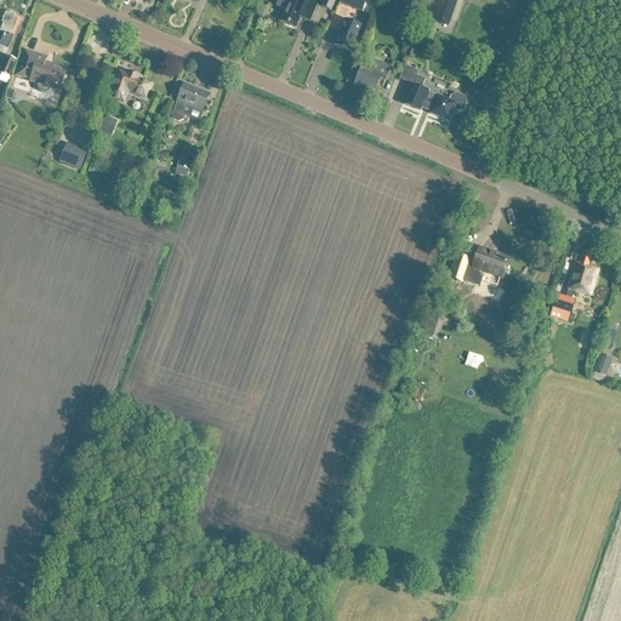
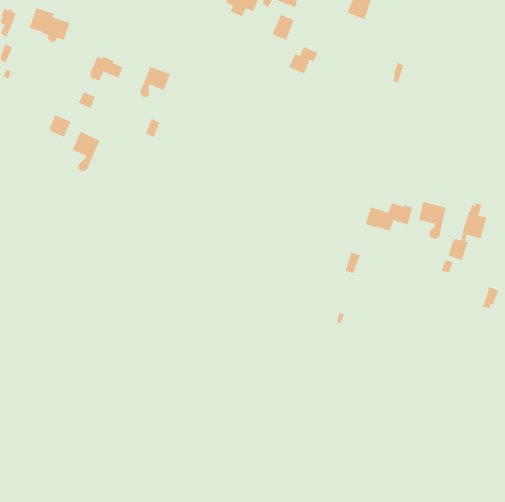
building: [16,49,67,91] -> [29,8,70,42]
building: [404,73,467,119] -> none
building: none -> [72,131,100,172]
building: none -> [418,201,446,239]

